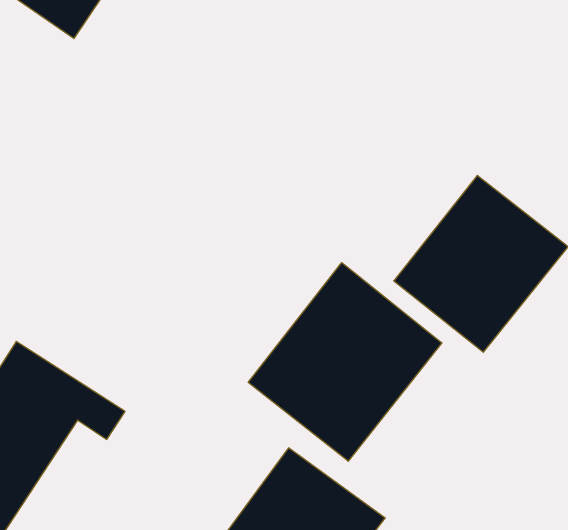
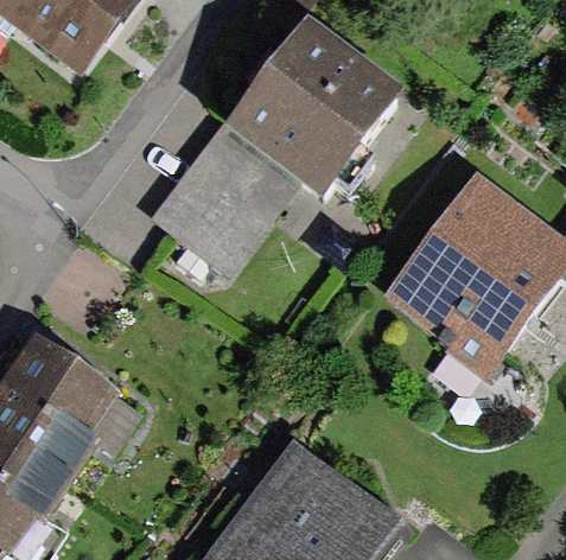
building: none -> [164,43,383,265]
building: [248,263,442,461] -> none

